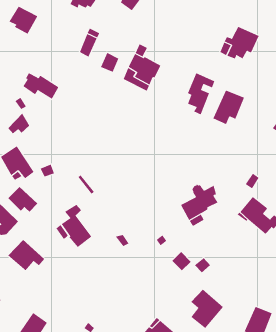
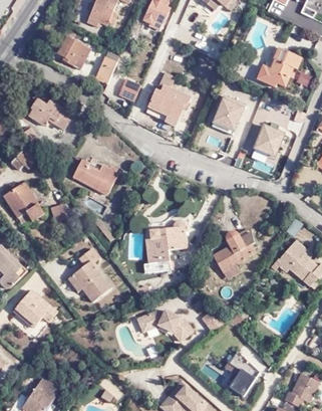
building: [9,6,38,35] -> [54,34,88,67]
building: none -> [71,161,118,196]
building: none -> [143,223,186,273]
building: [8,186,38,213] -> none
building: none -> [140,311,195,341]

